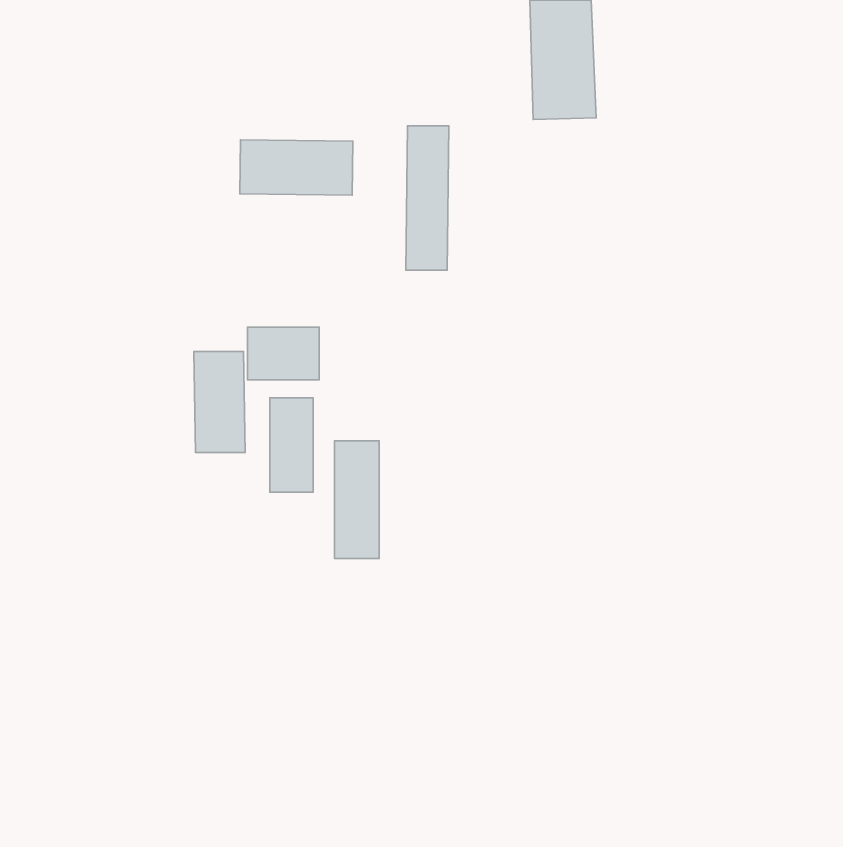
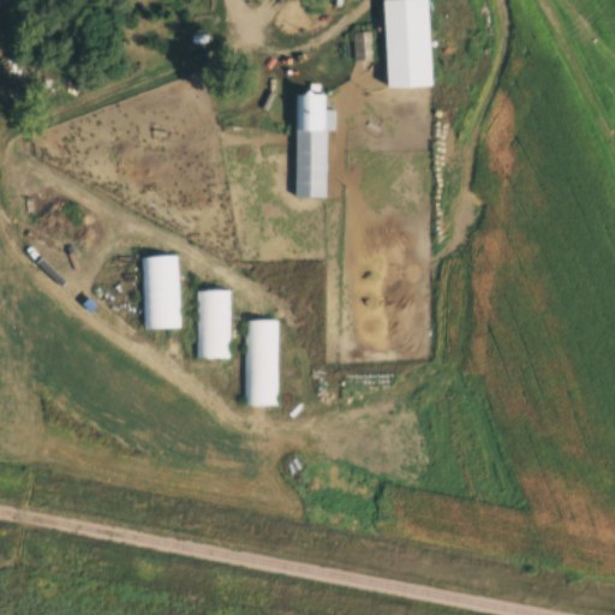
building: [240,140,353,195] -> none
building: [248,327,319,380] -> none

